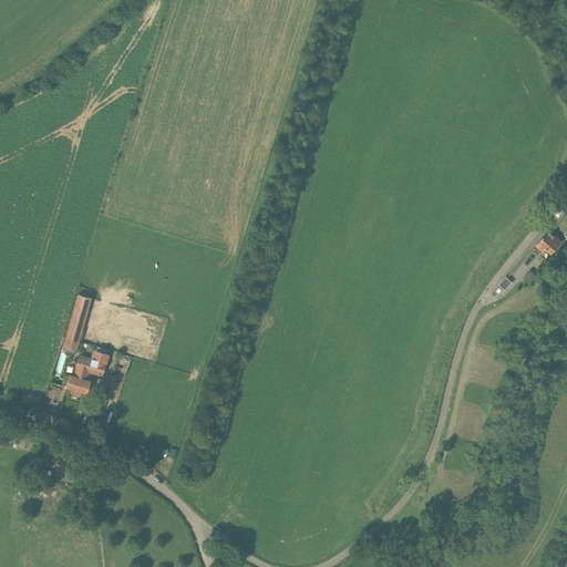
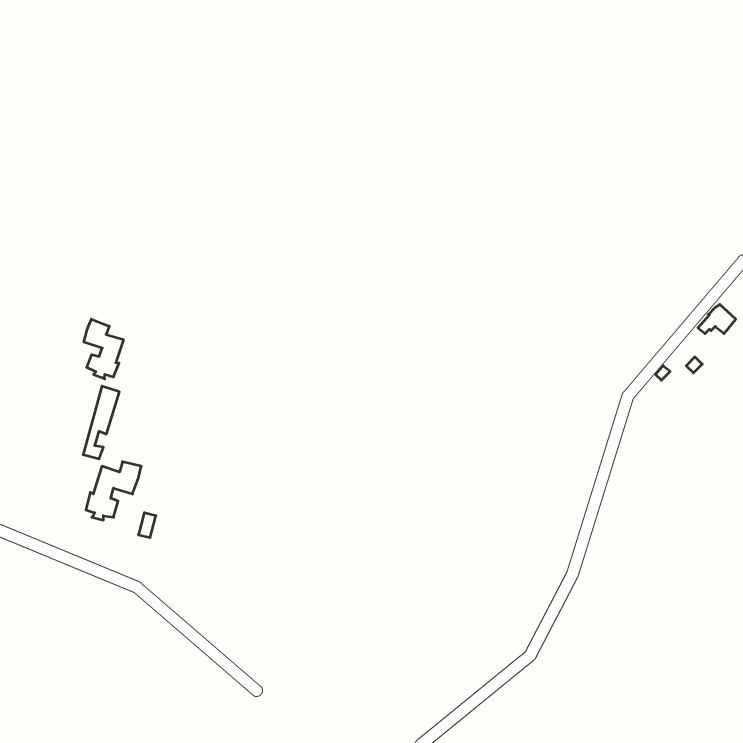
building: none -> [84,319,123,379]

